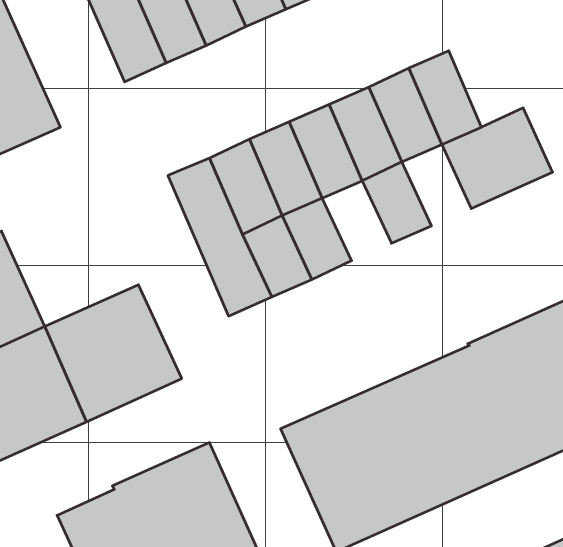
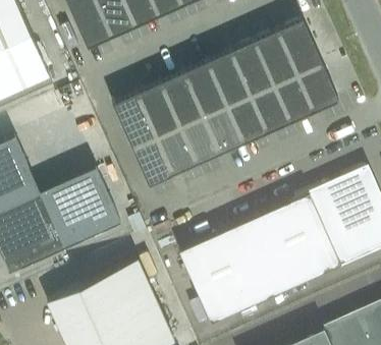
building: none -> [278,19,322,75]
building: none -> [251,85,291,133]
building: none -> [204,107,244,154]

